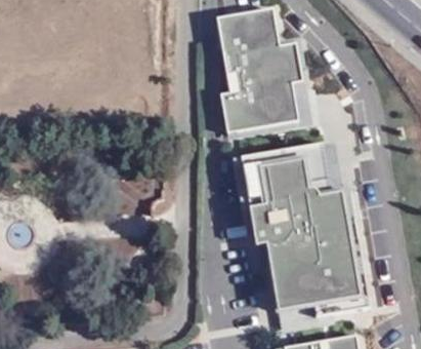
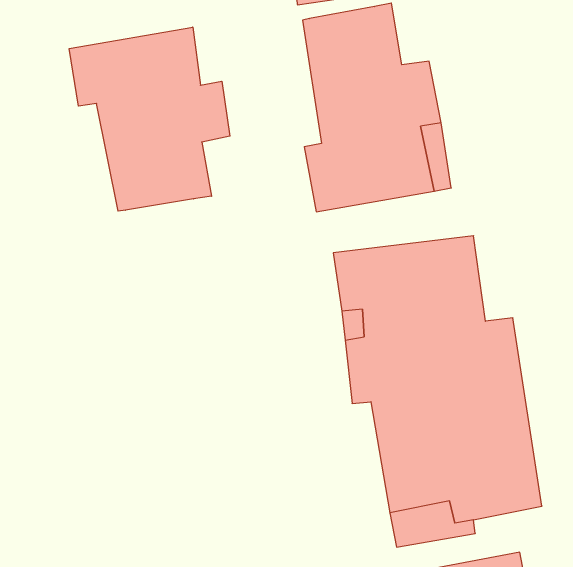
building: none -> [69,27,230,211]

